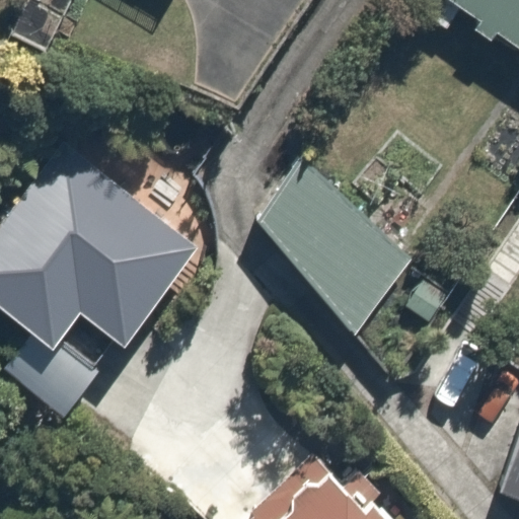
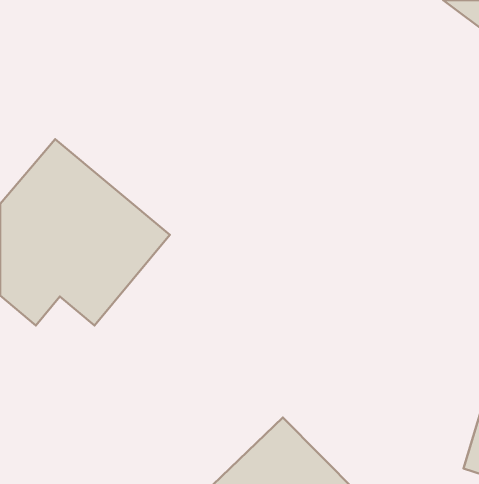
building: [257,165,415,333] -> none

